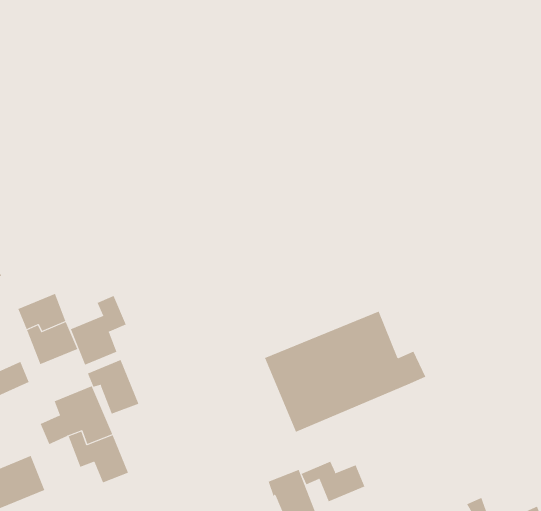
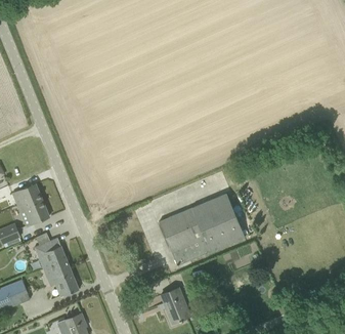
building: [70,295,126,366] -> none
building: [87,359,139,414] -> none
building: [301,461,365,502] -> none

